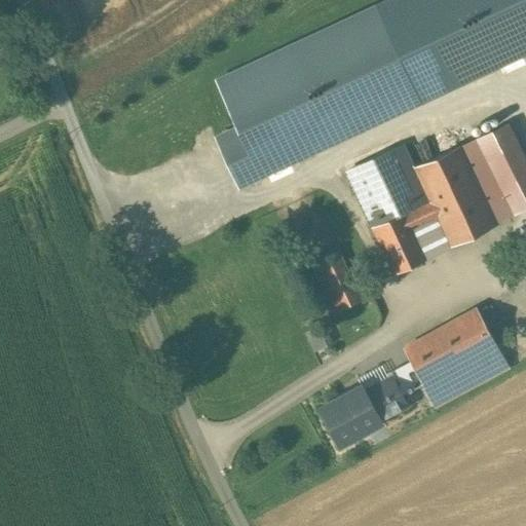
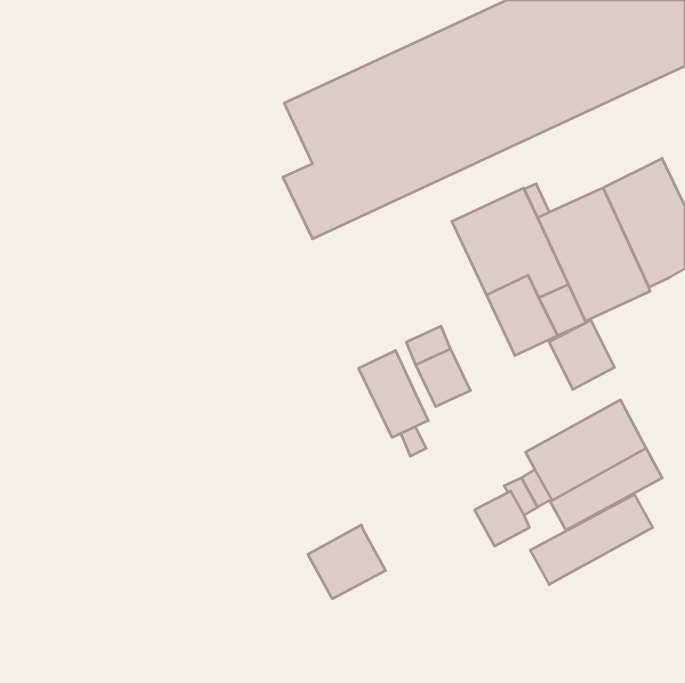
building: none -> [549,320,614,389]
building: none -> [359,350,428,437]
building: none -> [530,493,653,585]
building: [321,387,380,444] -> [308,525,386,599]

